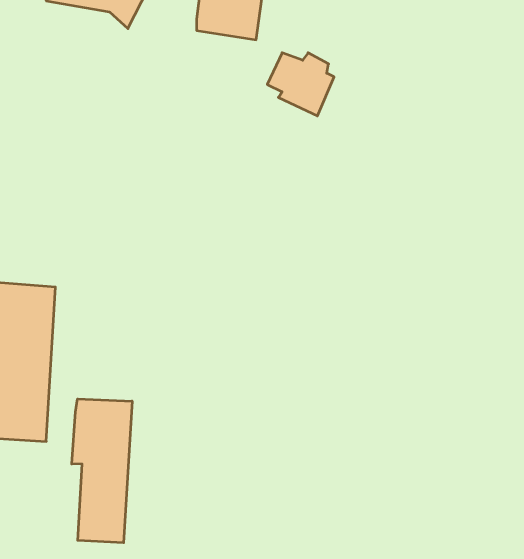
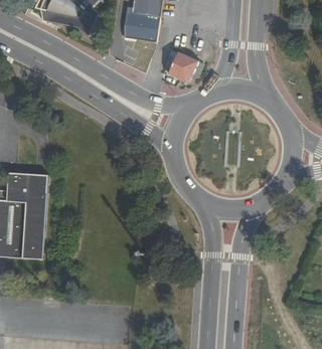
building: [72,399,132,543] -> none

